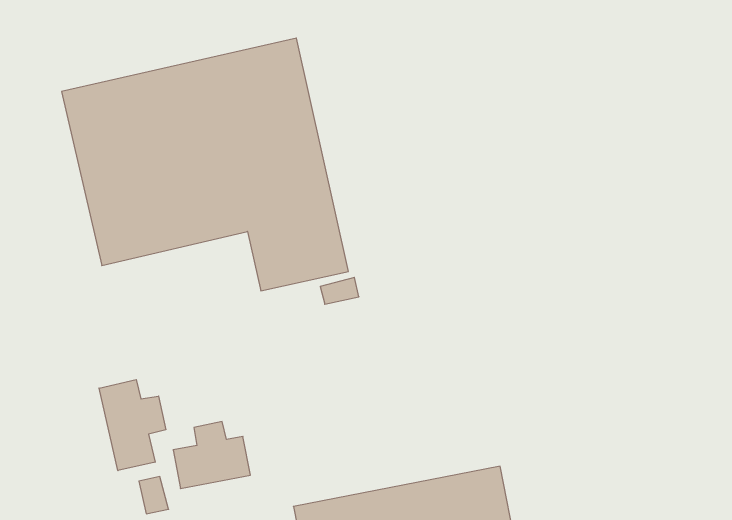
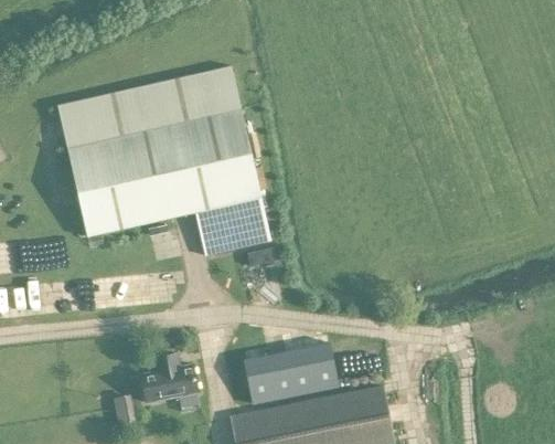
building: [99,380,166,471] -> none
building: none -> [244,341,340,401]

